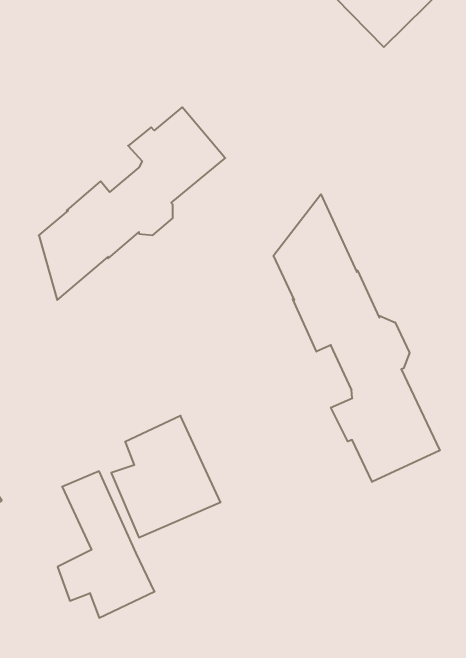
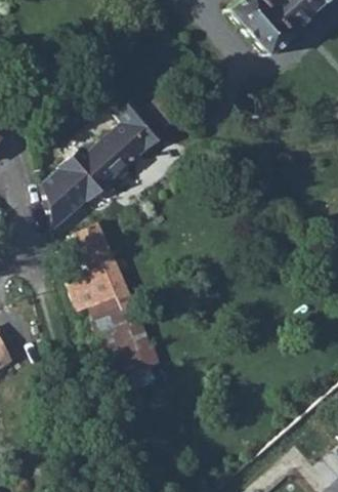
building: [274,194,440,482] -> none
building: [58,471,155,618] -> [70,223,134,321]

